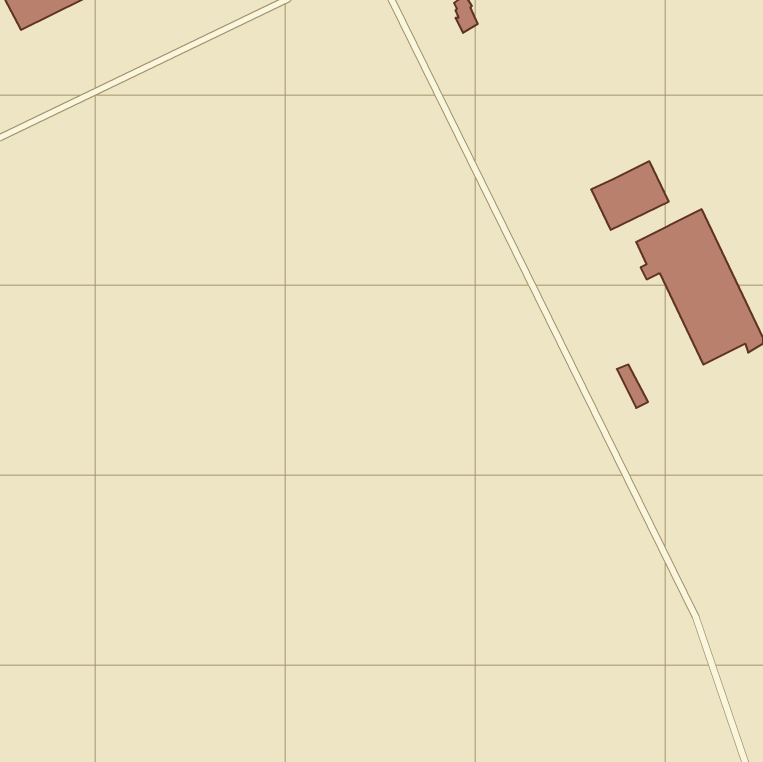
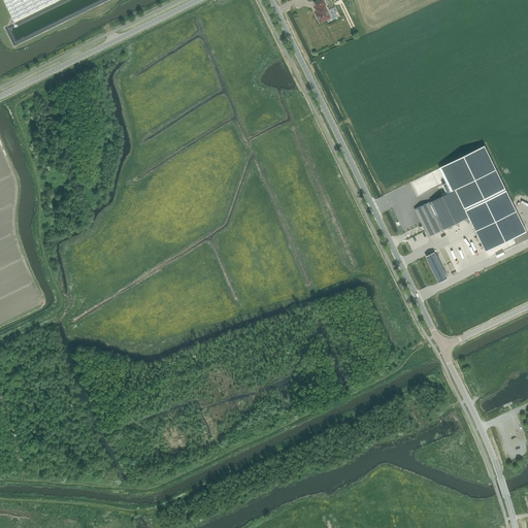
building: [591,161,669,230] -> [415,189,468,236]

